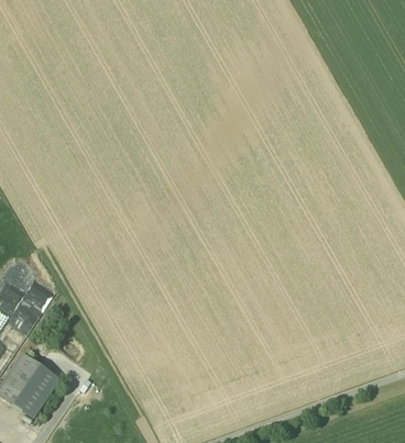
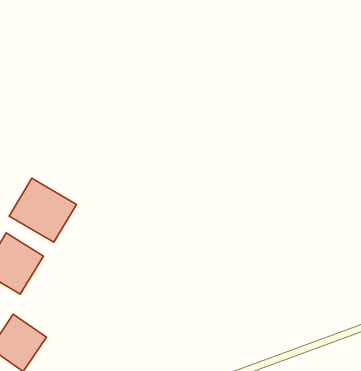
building: none -> [9,178,77,242]

